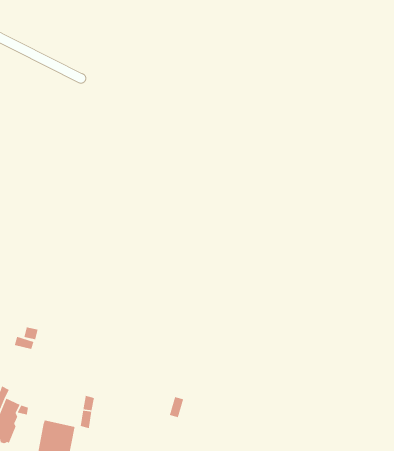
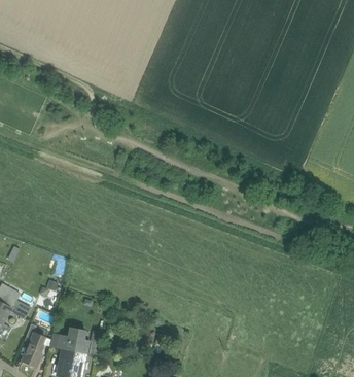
building: none -> [56,328,88,354]

